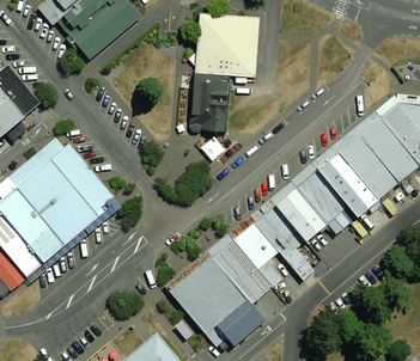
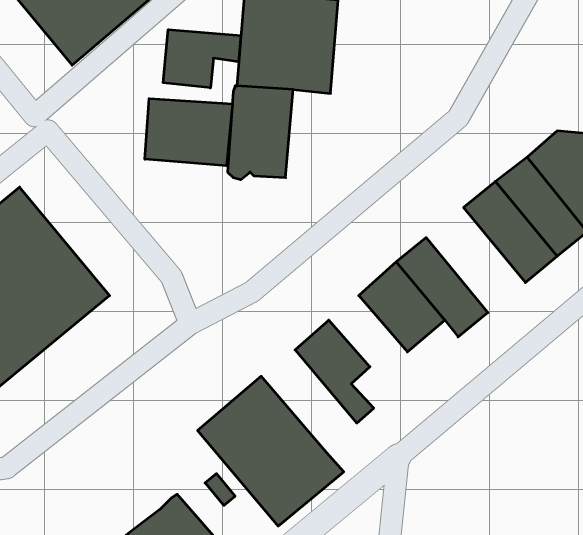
building: none -> [163,30,241,88]
building: none -> [145,99,232,166]
building: [315,151,378,218] -> none
building: [252,207,315,281] -> none
building: [209,241,270,307] -> none

